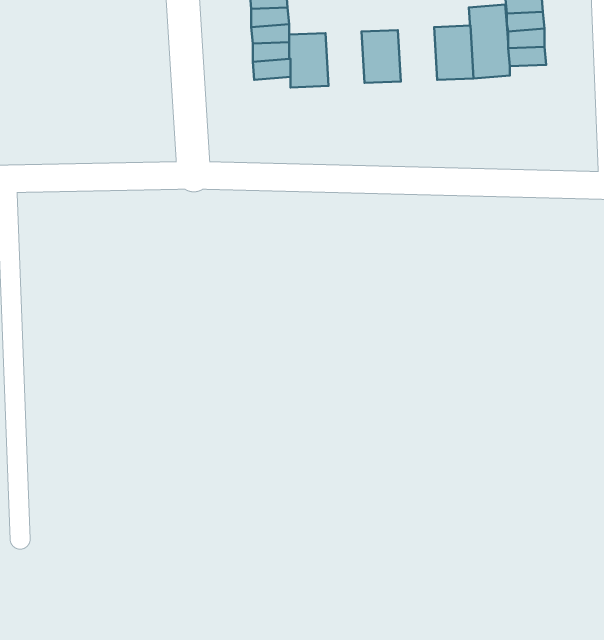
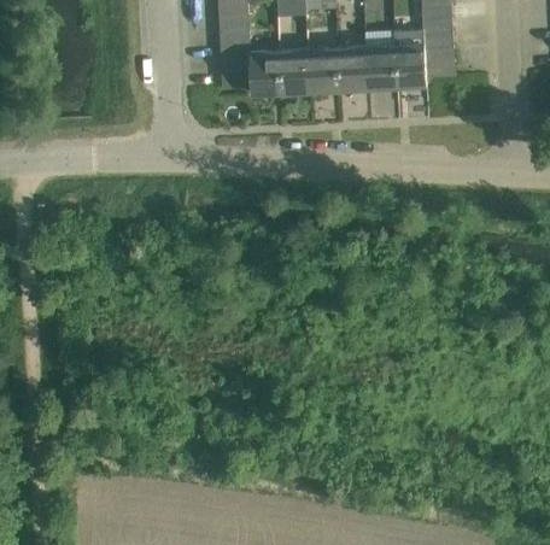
building: none -> [337,46,368,89]
building: none -> [279,49,310,93]

